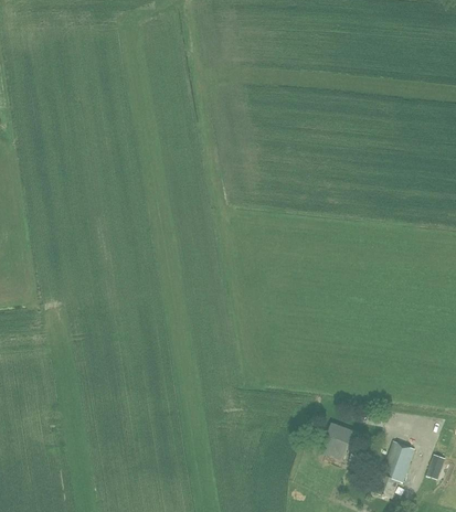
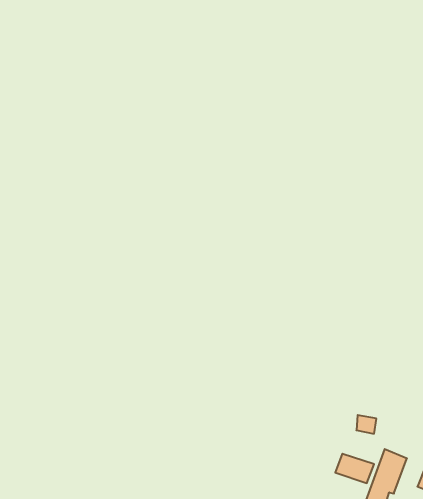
building: [320,423,352,460] -> none

